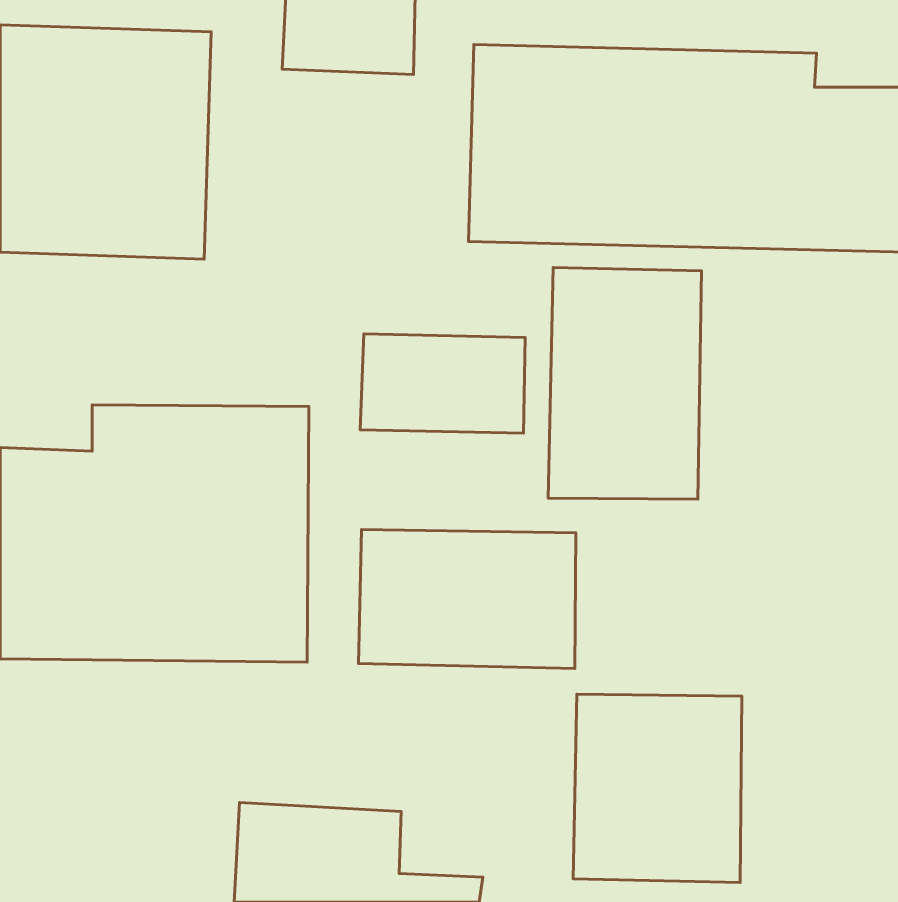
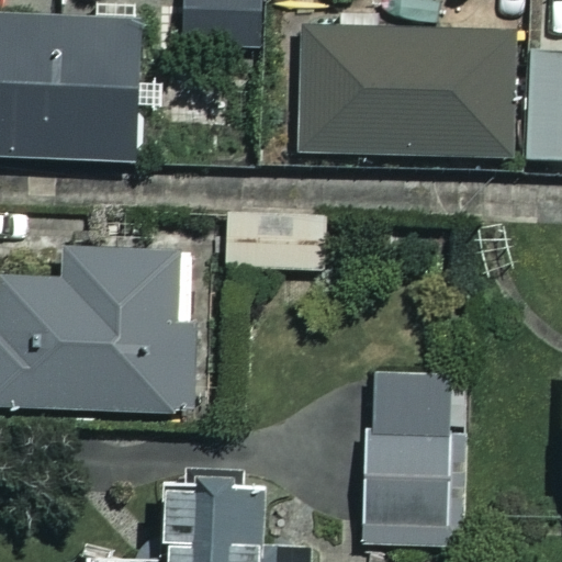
building: [548,268,702,499] -> none
building: [359,530,576,668] -> none

